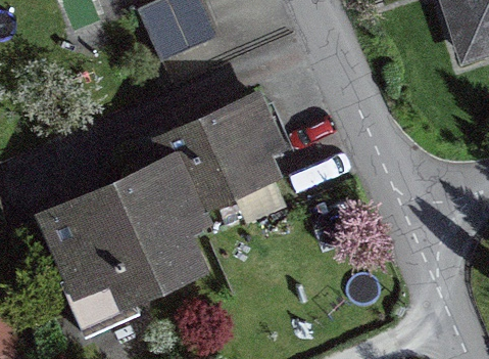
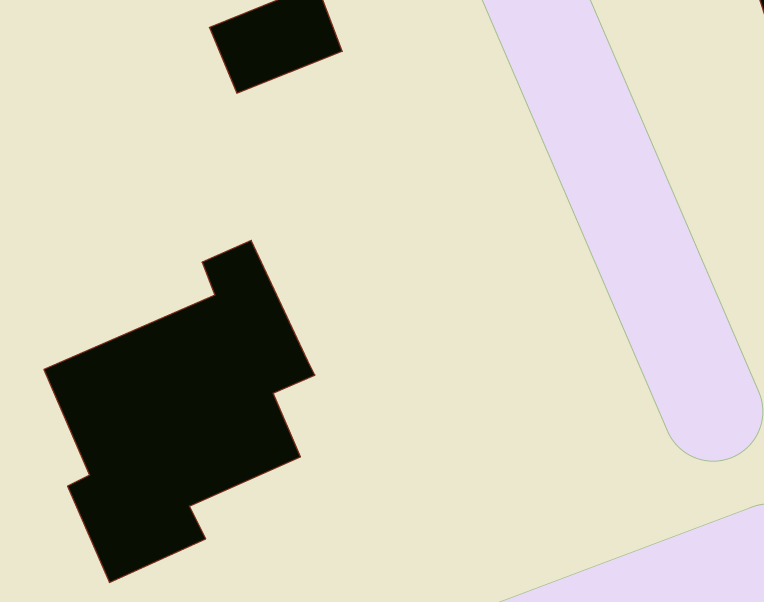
building: [160,96,276,213] -> none

